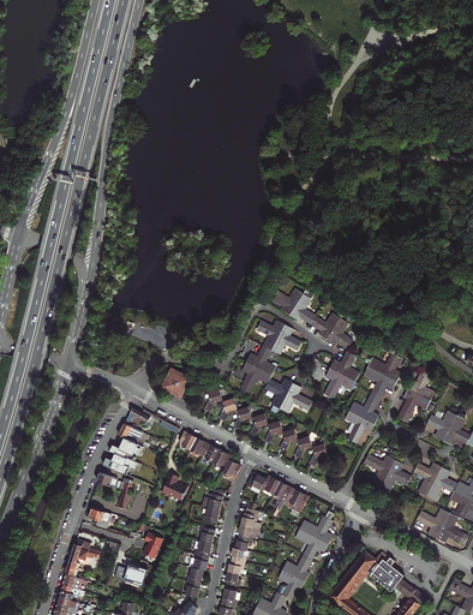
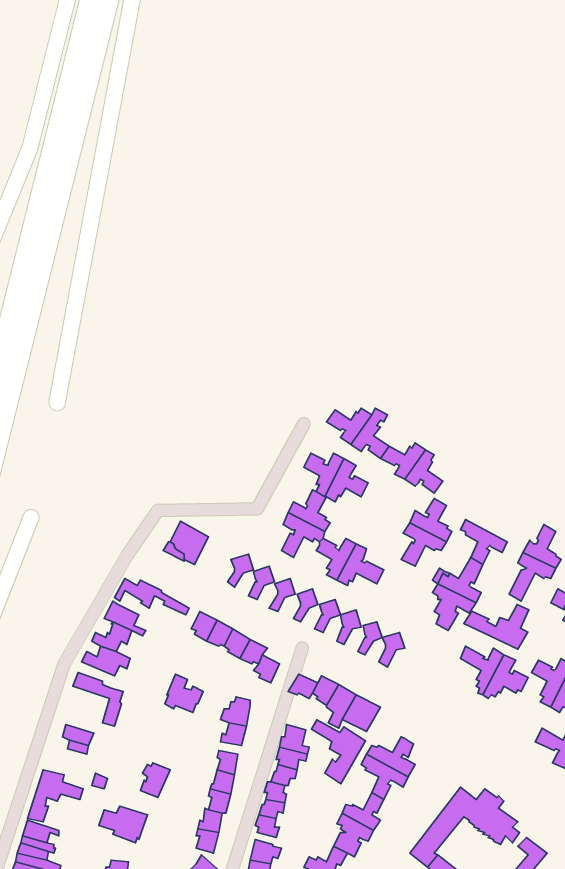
building: [369,342,402,382] -> none
building: none -> [464,604,529,649]
building: none -> [312,720,365,784]

